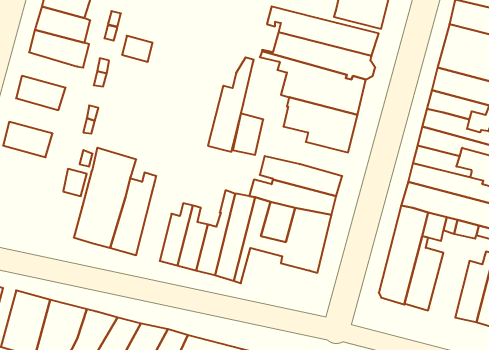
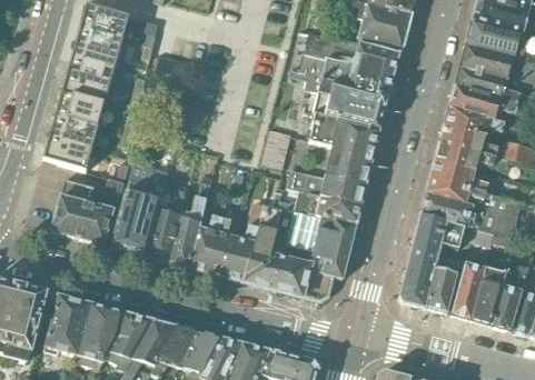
building: none -> [63,70,116,104]
building: [208,57,254,152] -> [171,178,215,267]
building: none -> [51,113,98,147]
building: none -> [326,154,371,187]
building: none -> [52,179,113,243]
building: none -> [270,254,335,300]
building: none -> [452,262,486,320]

